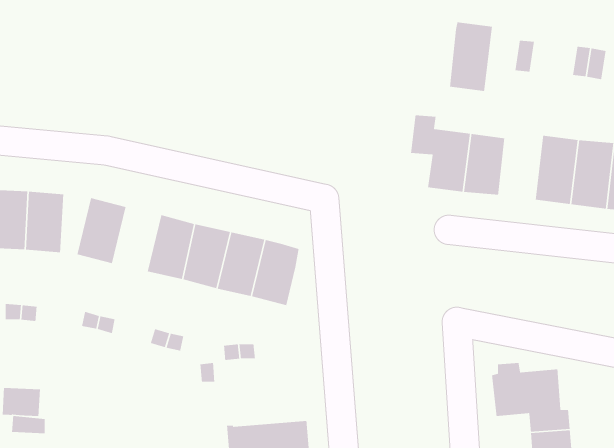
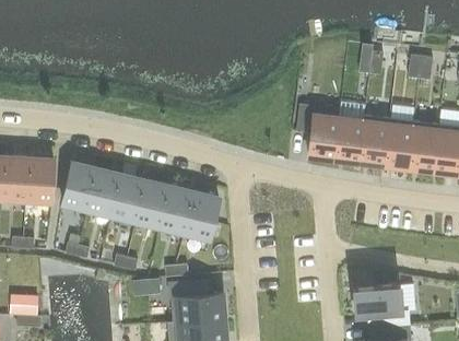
building: [449,22,493,92] -> [358,115,389,164]
building: none -> [87,168,121,214]
building: none -> [169,281,224,322]

